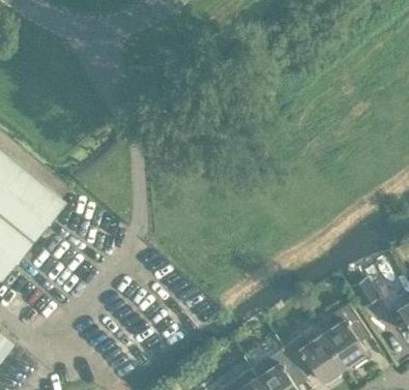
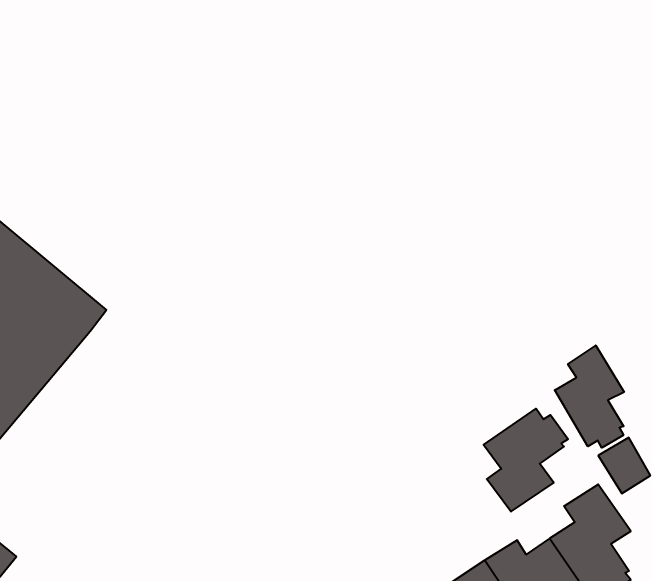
building: none -> [555,345,624,448]
building: none -> [484,409,568,512]

